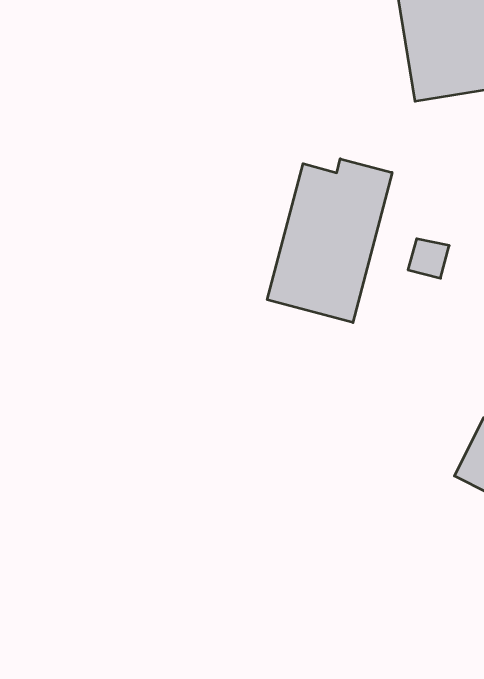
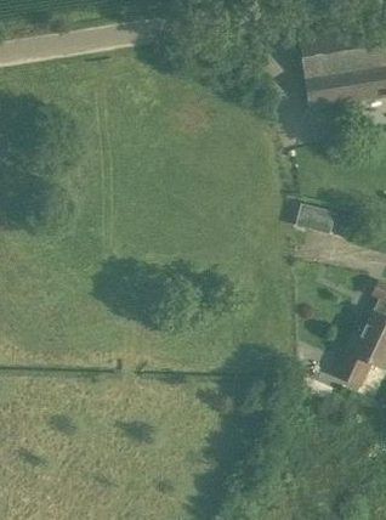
building: [267,159,392,323] -> none

